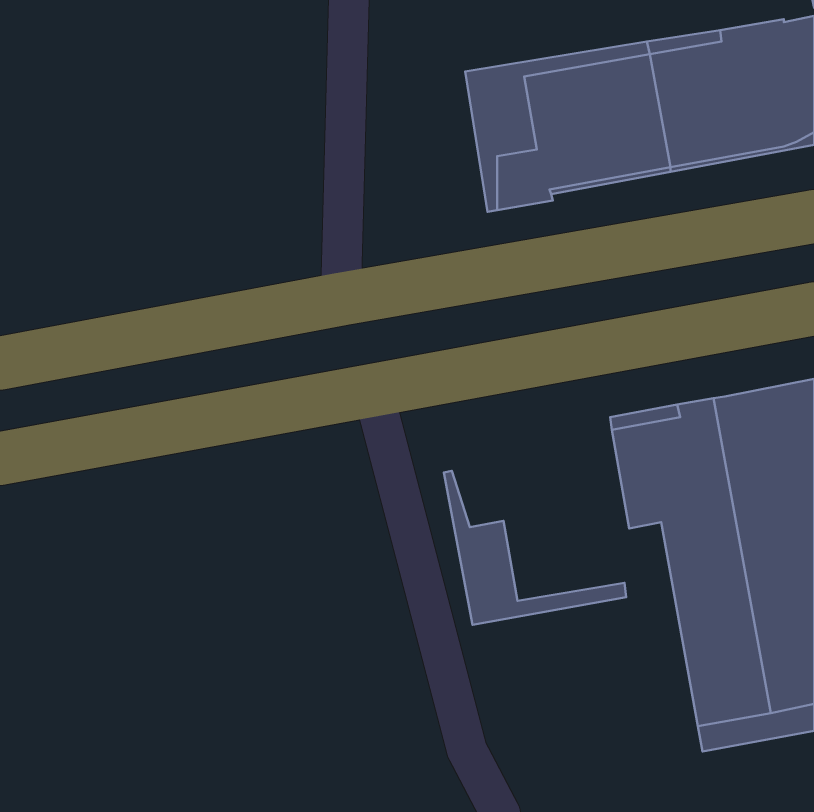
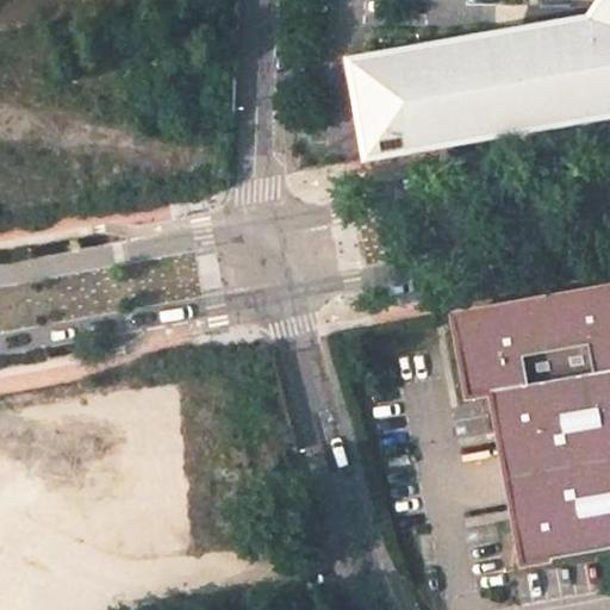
building: [444,471,626,625] -> none

